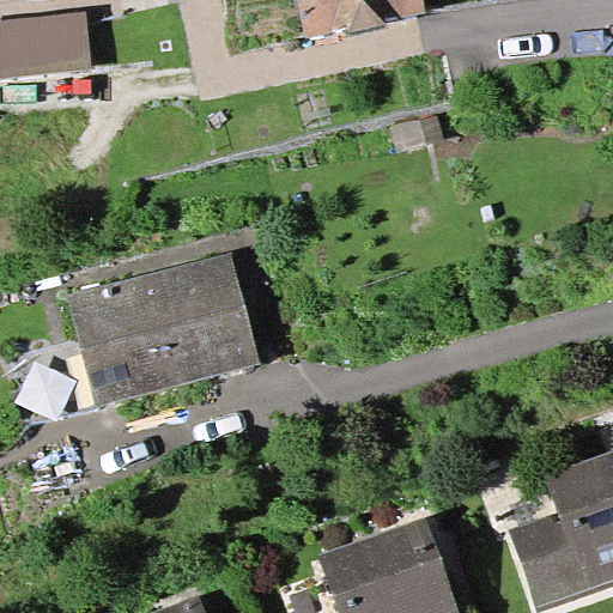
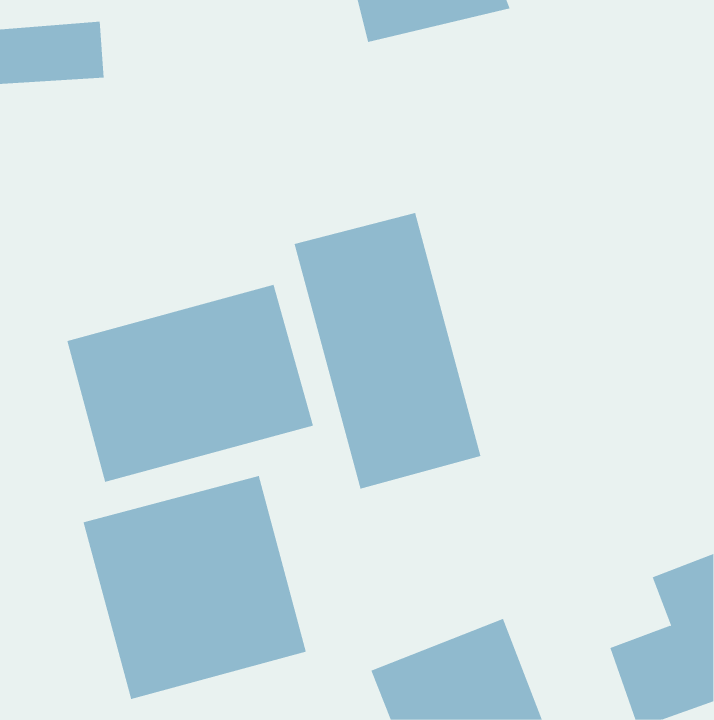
building: none -> [294,212,481,489]
building: none -> [83,475,307,700]

